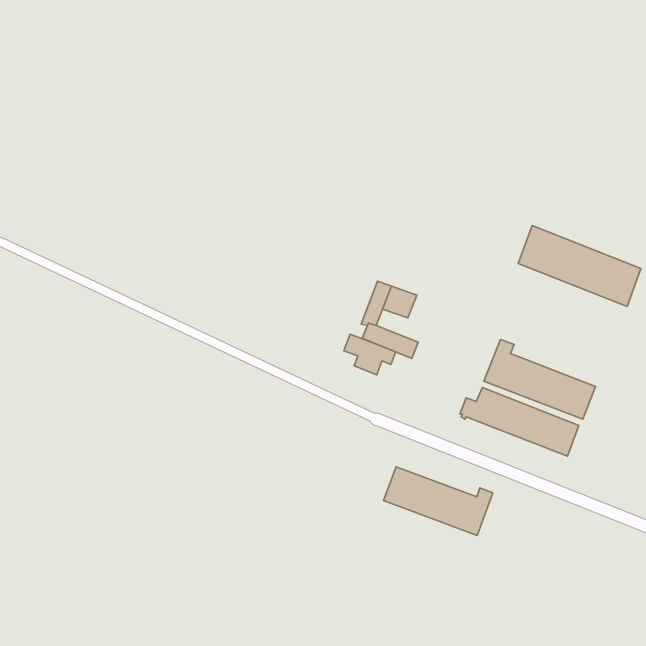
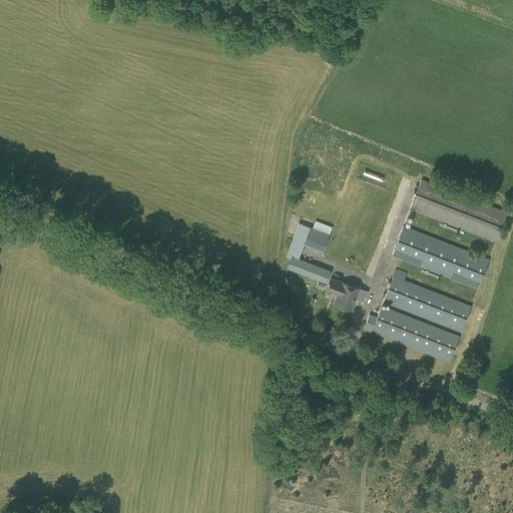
building: none -> [393,226,490,290]
building: [344,334,396,375] -> [328,278,369,310]
building: [384,467,493,536] -> none

